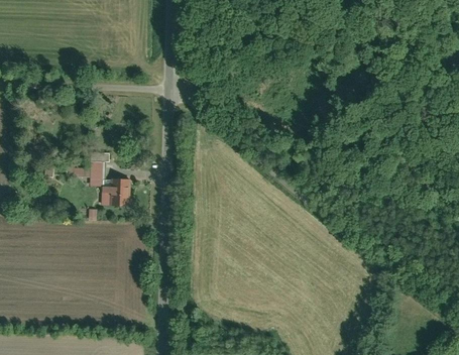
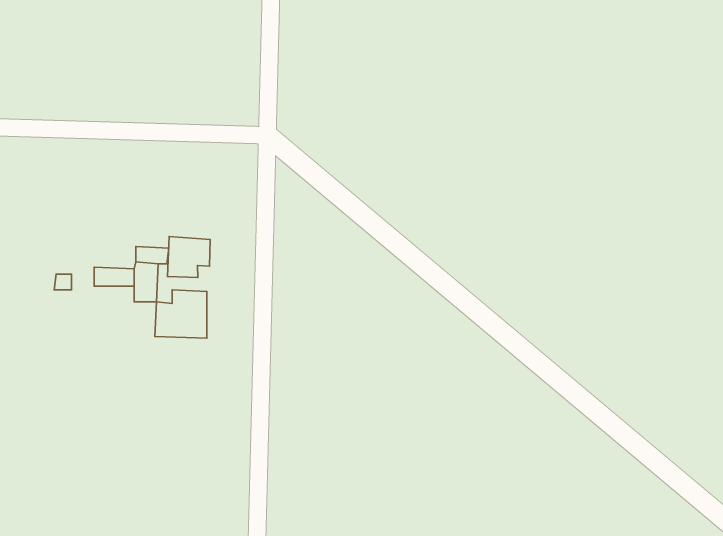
building: none -> [167,236,210,277]

